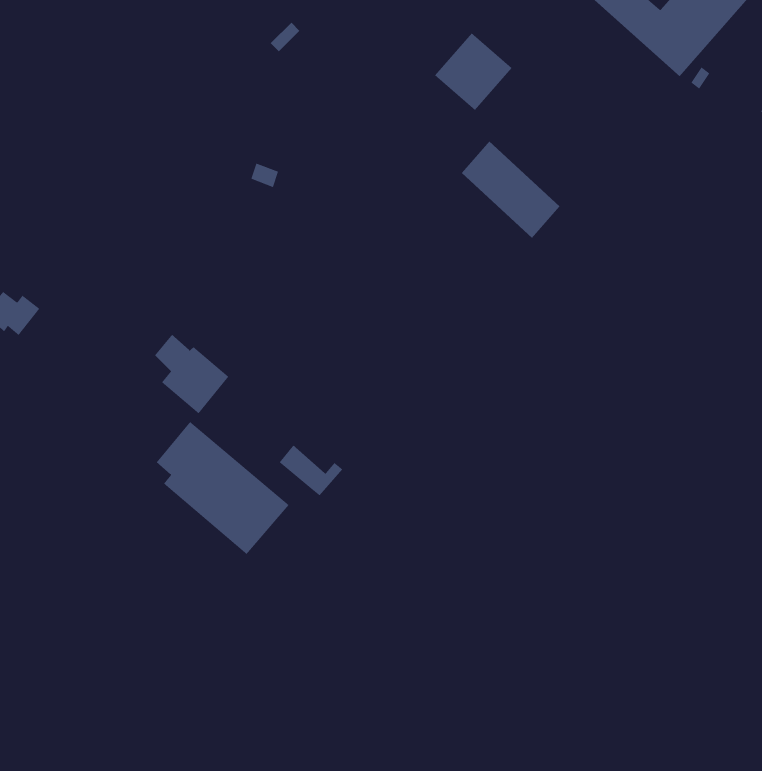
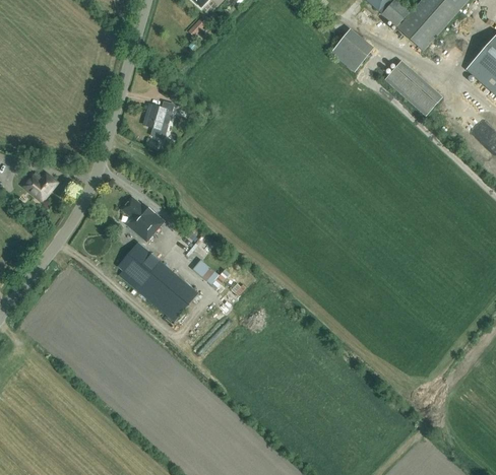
building: [434,32,513,111] -> [334,26,379,71]
building: [461,141,561,239] -> [383,60,440,116]
building: none -> [146,100,174,138]

